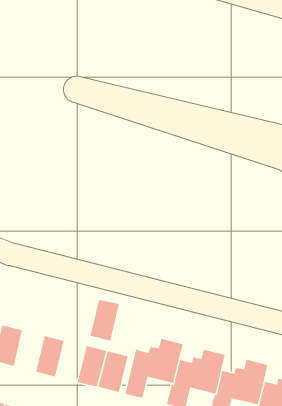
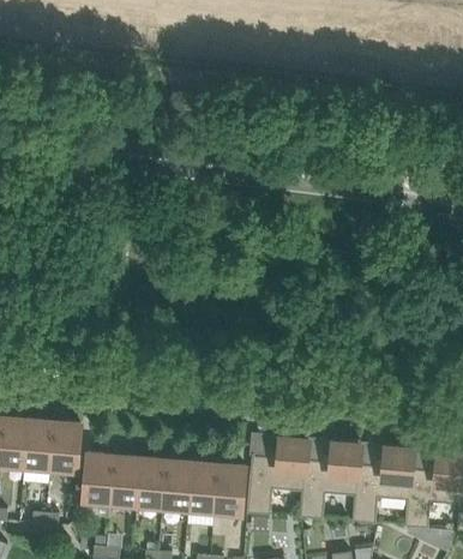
building: [89,299,120,341] -> [162,459,192,507]
building: none -> [110,455,140,503]

